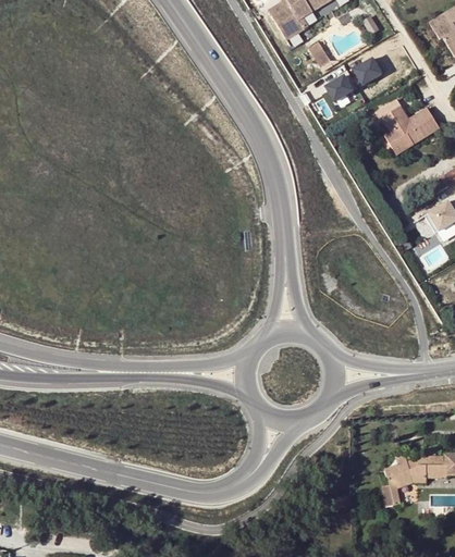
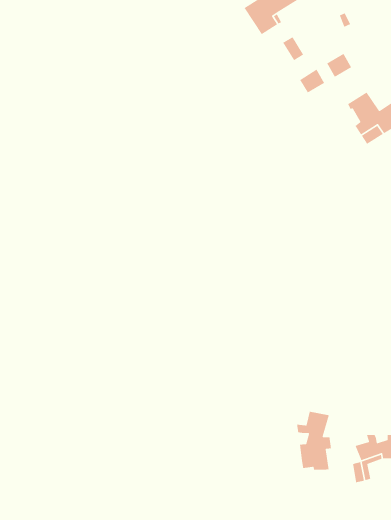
building: none -> [296,411,332,471]

